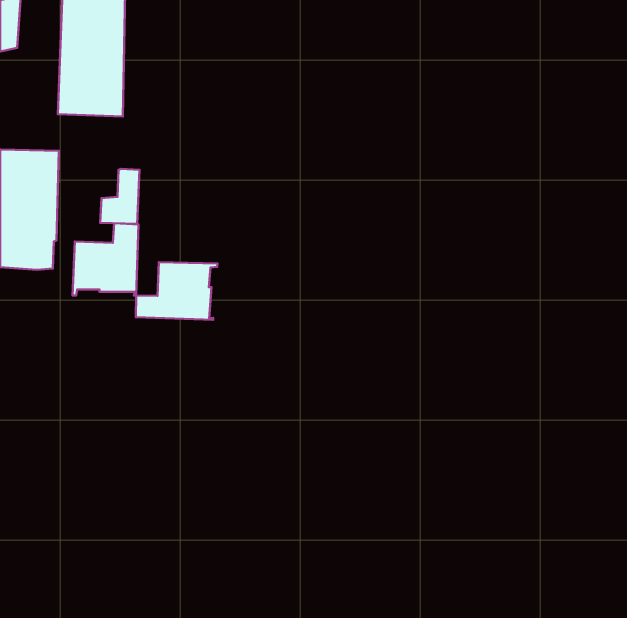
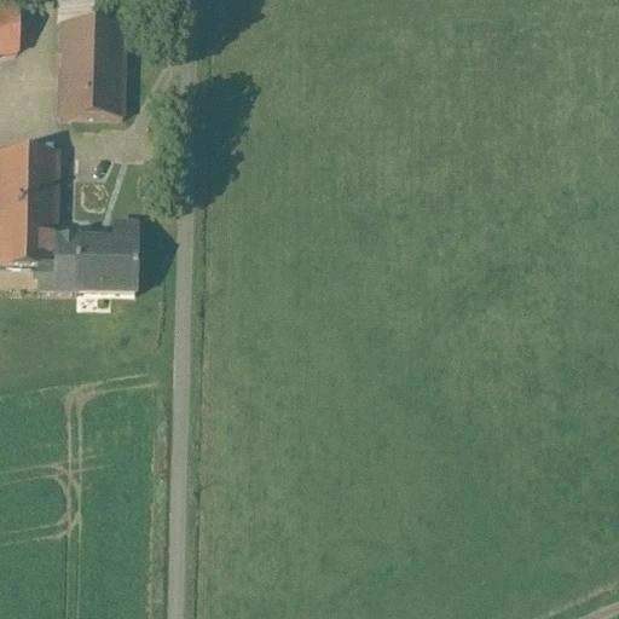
building: [100,169,139,224] -> [35,237,74,291]
building: [136,262,217,320] -> none

